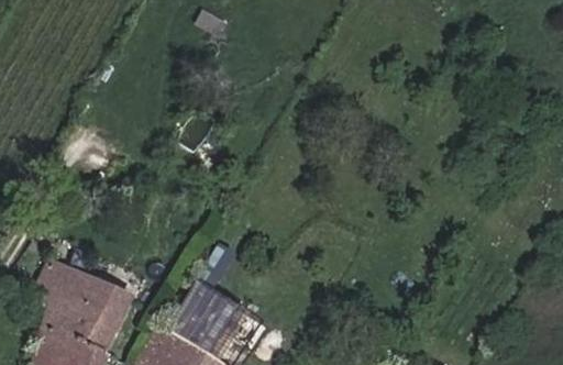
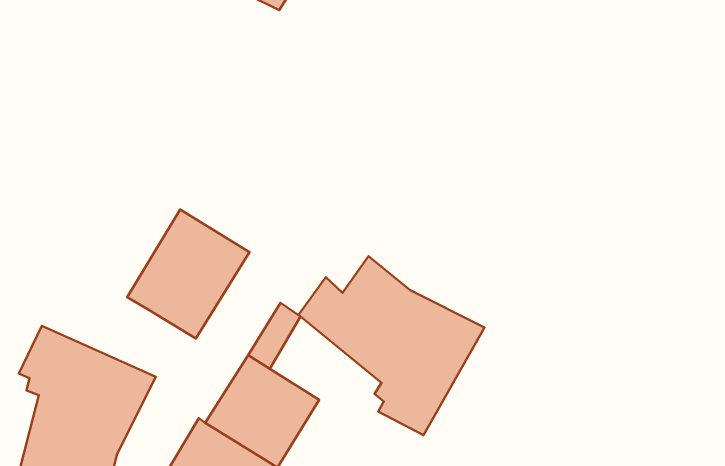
building: none -> [127,209,249,339]
building: none -> [298,256,484,435]

